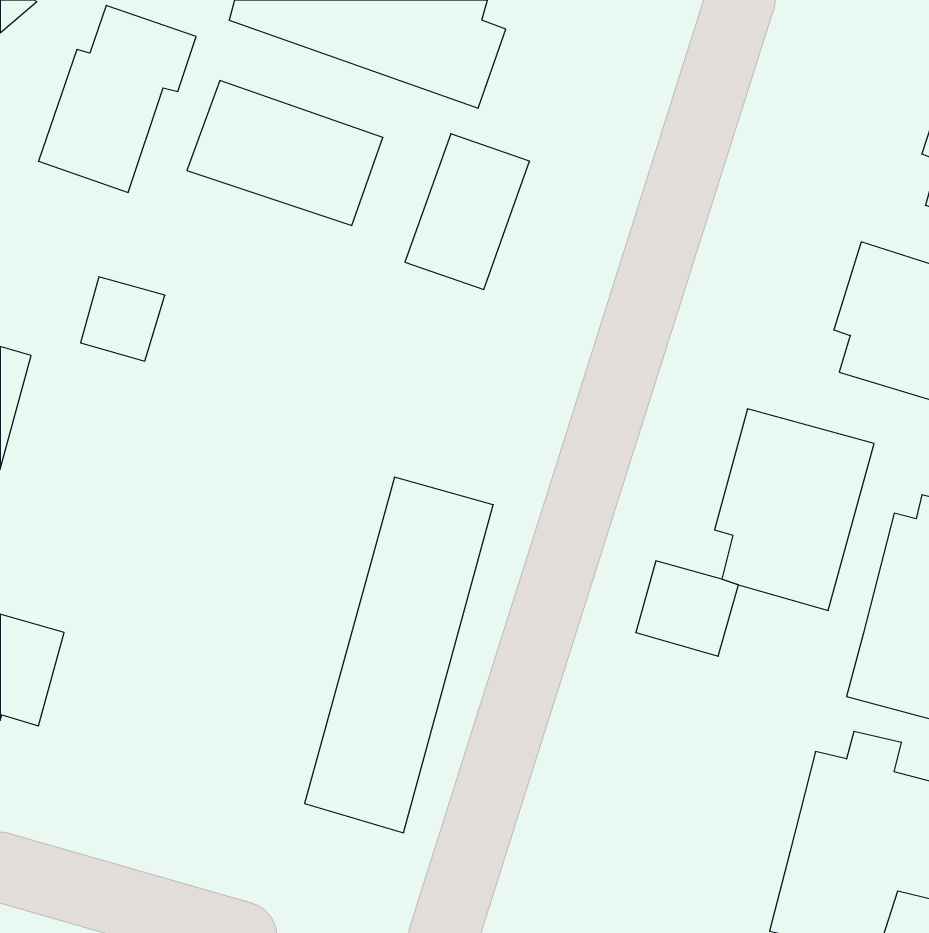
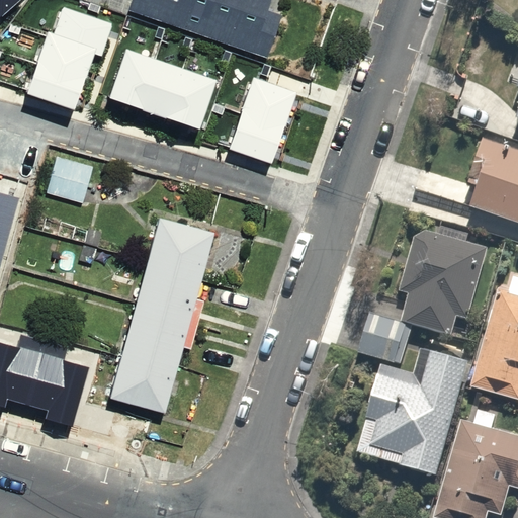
building: [305,477,493,833] -> [108,221,212,417]
building: none -> [360,339,471,472]
building: none -> [25,351,88,424]

